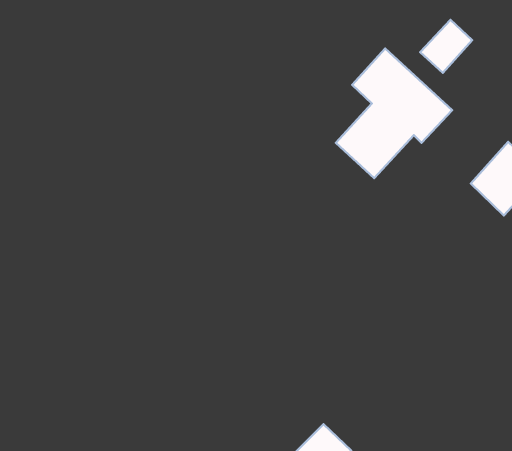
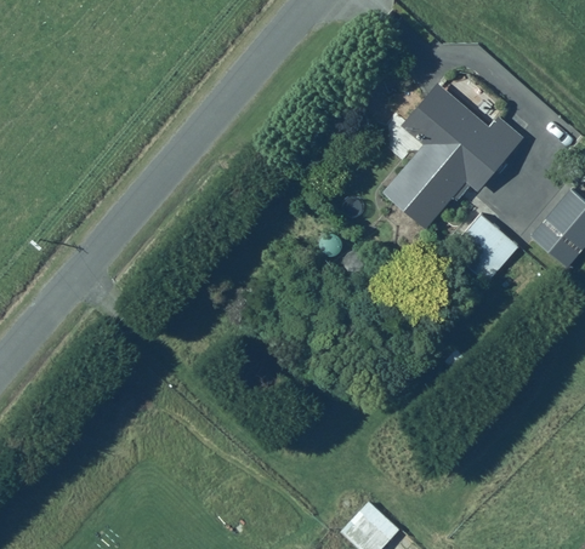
building: [420,20,472,73] -> none
building: none -> [451,212,519,280]

